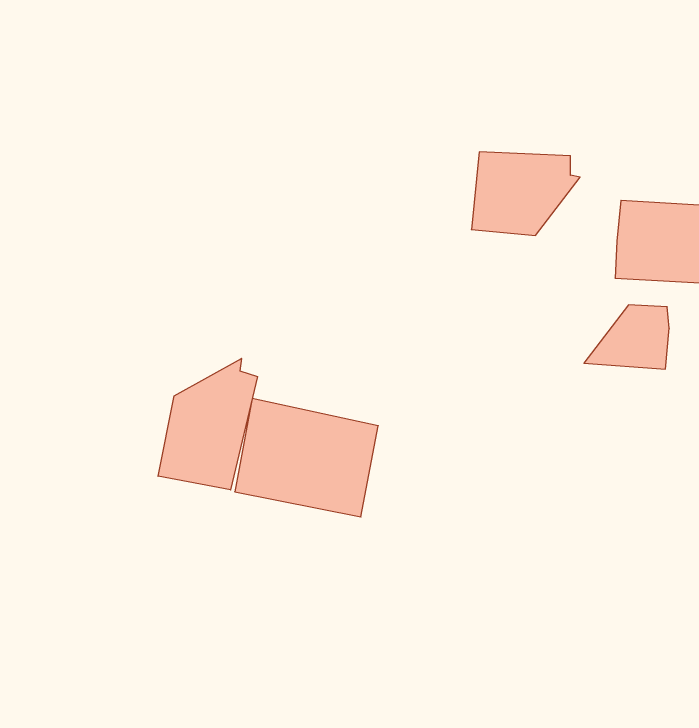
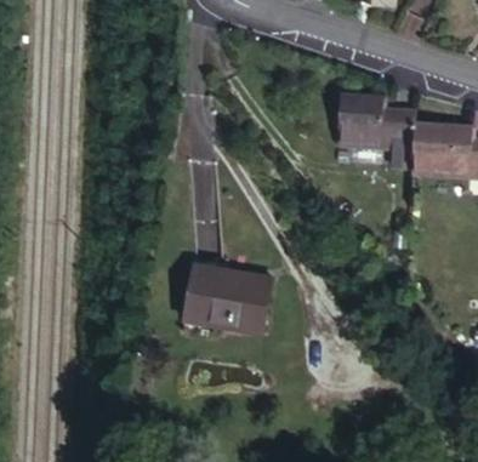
building: [584,305,669,369] -> [372,116,426,156]
building: [158,358,257,490] -> none

